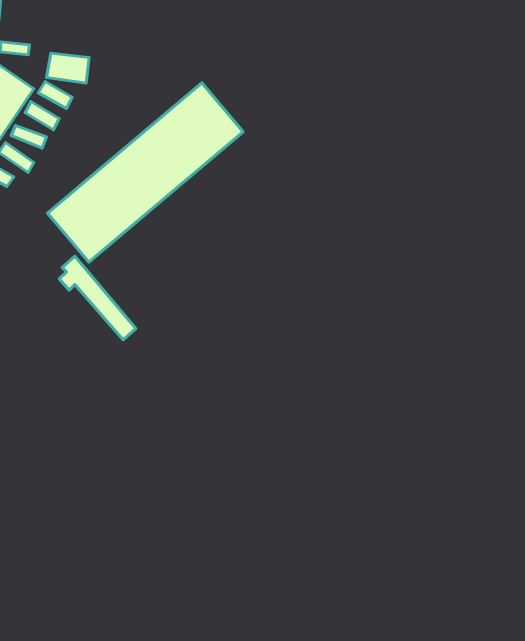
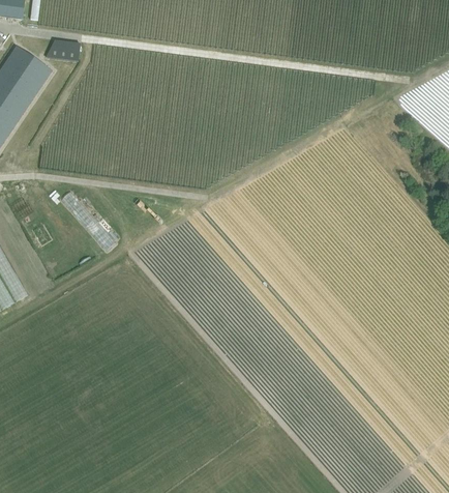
building: [48,83,243,262] -> none

